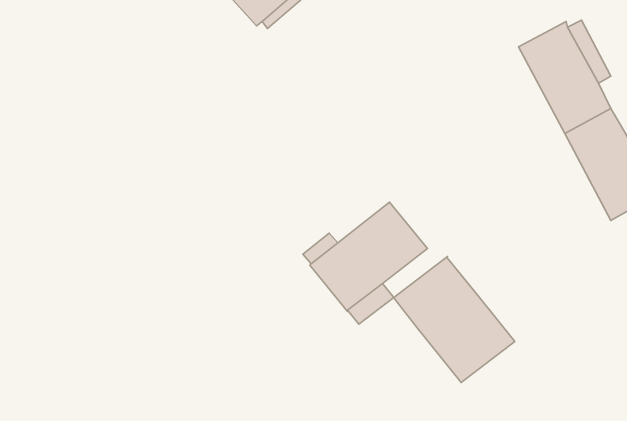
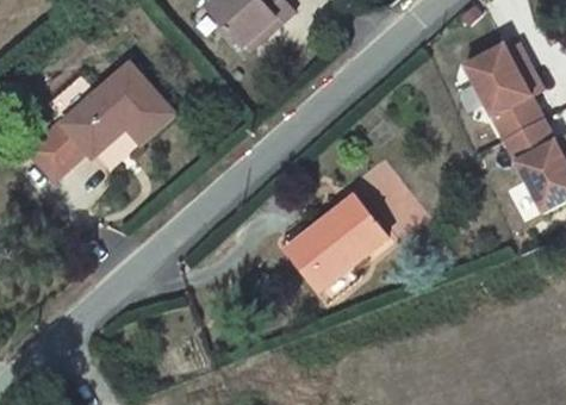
building: none -> [29,64,173,179]
building: [394,256,515,383] -> none

